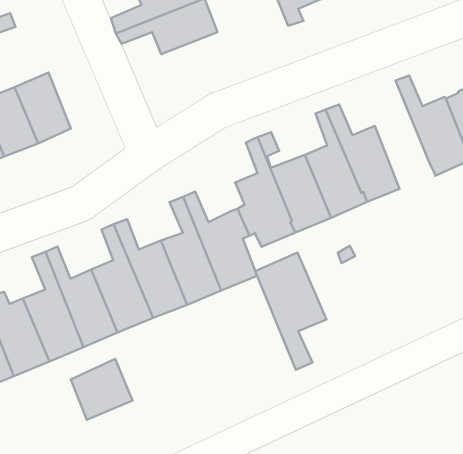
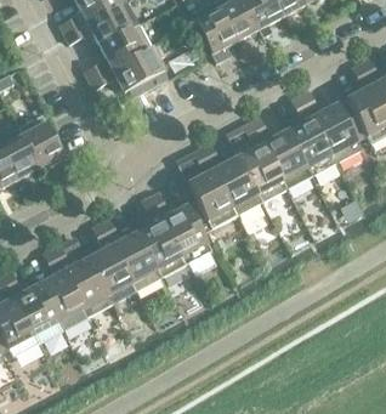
building: none -> [289,96,337,176]
building: [255,252,326,370] -> none
building: [71,359,133,420] -> none

